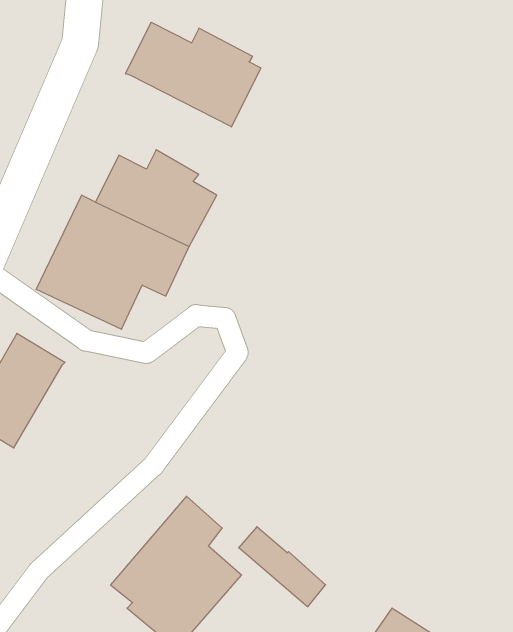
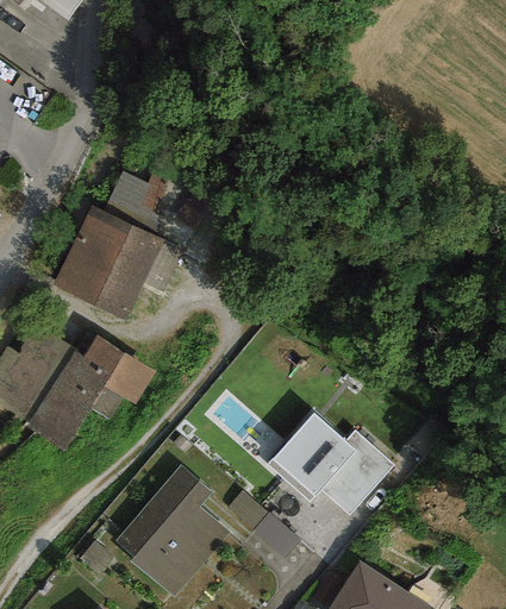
building: [126,22,261,127] -> none
building: none -> [29,335,158,448]
building: none -> [268,413,394,514]

